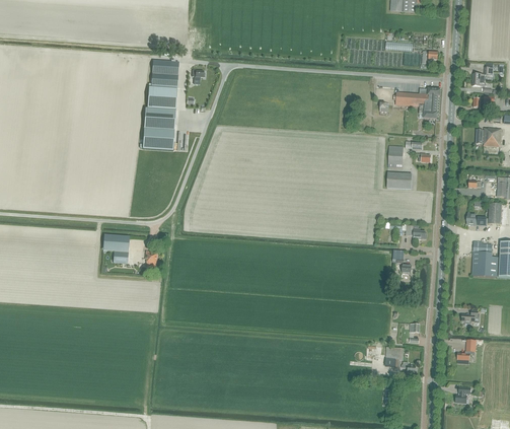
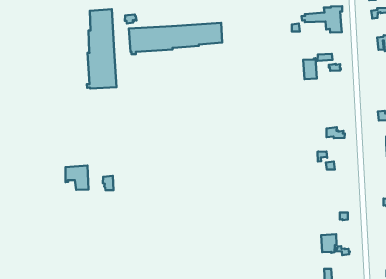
building: none -> [129,23,222,54]
building: [387,171,413,189] -> none

